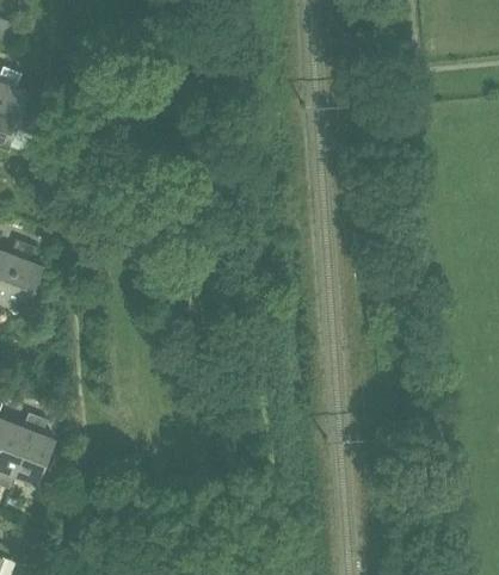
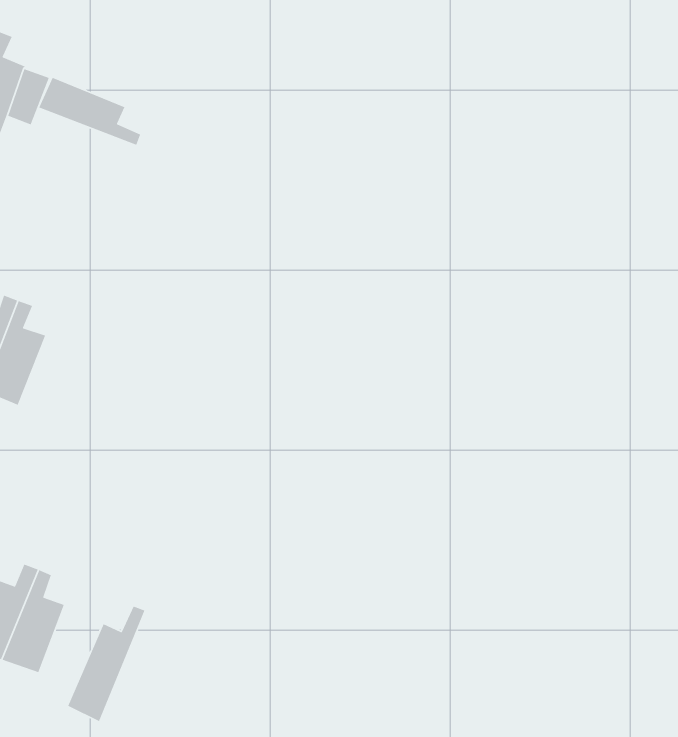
building: none -> [38,77,141,146]
building: none -> [67,605,145,722]

